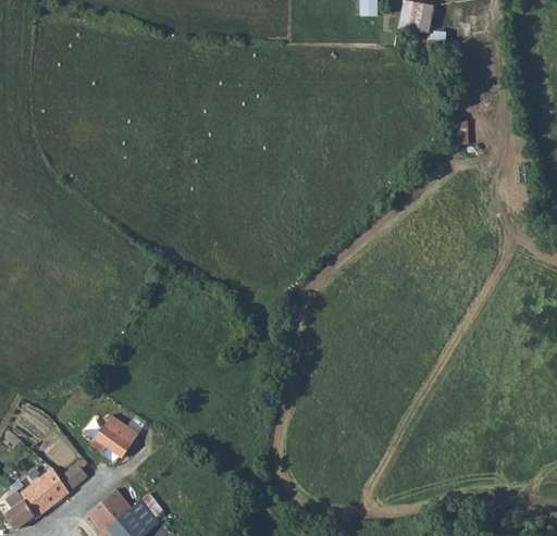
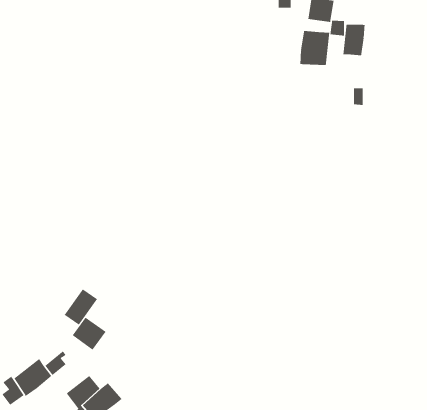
building: none -> [343,24,365,56]
building: none -> [300,30,330,66]
building: none -> [64,288,98,326]

